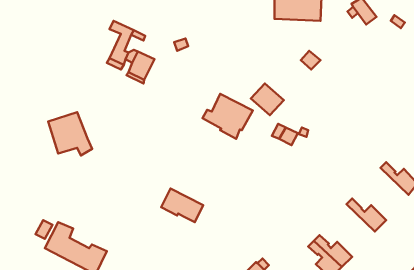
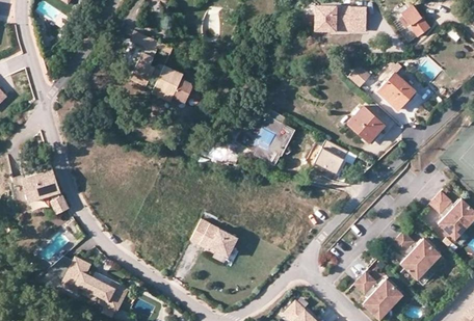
building: none -> [377,74,415,110]
building: [251,83,284,115] -> [347,107,384,142]
building: [48,112,92,155] -> [21,167,70,215]
building: none -> [427,195,465,238]
building: none -> [391,236,427,278]

